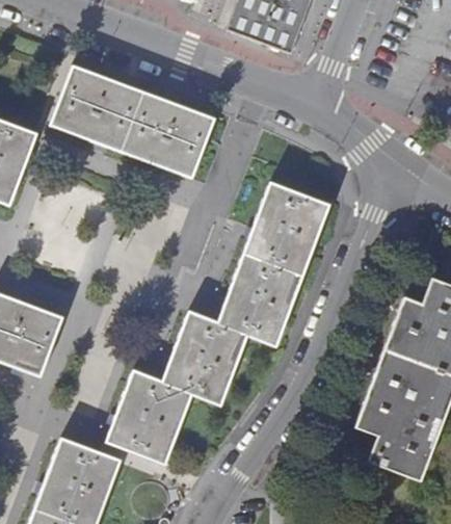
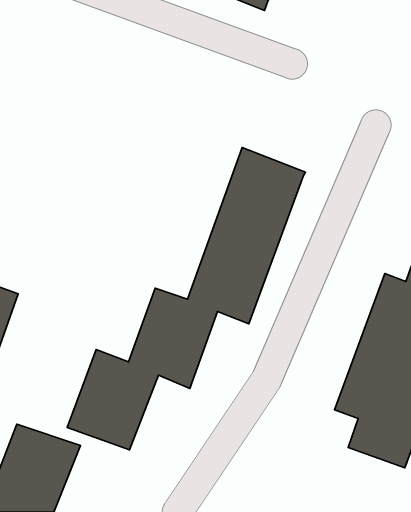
building: [50,66,214,177] -> none

